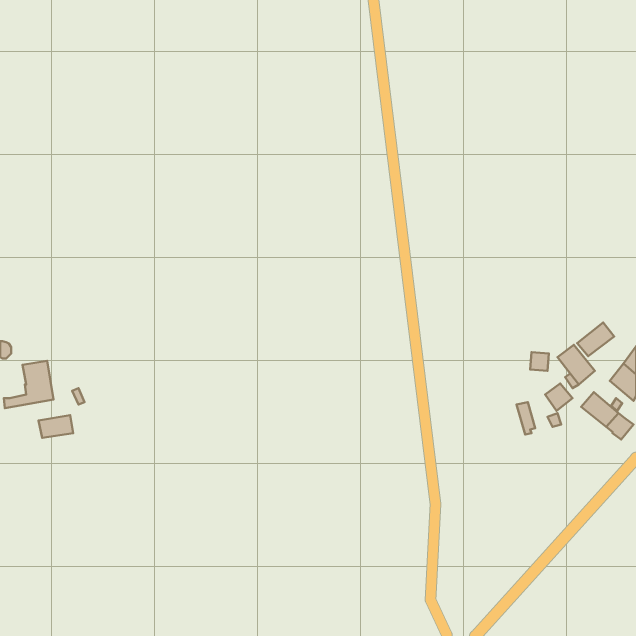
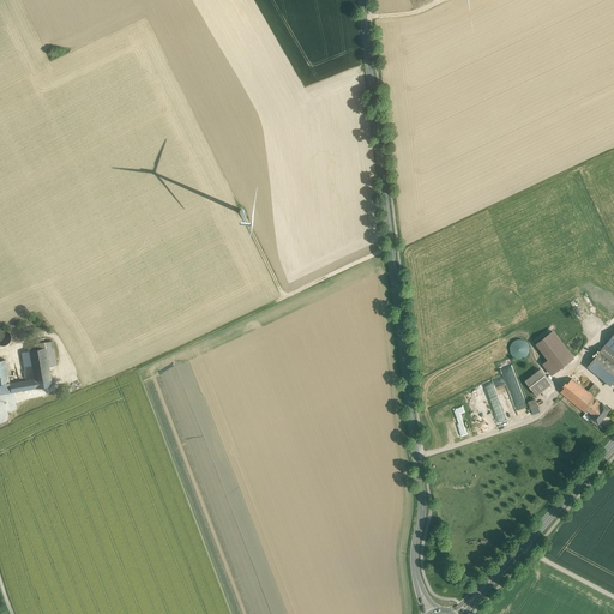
building: [577,323,614,356] -> none
building: [38,415,73,438] -> none

